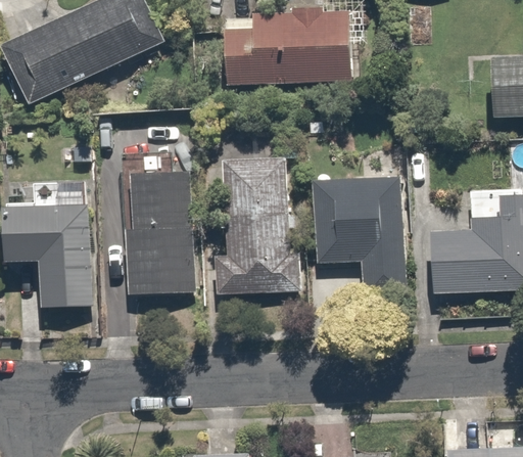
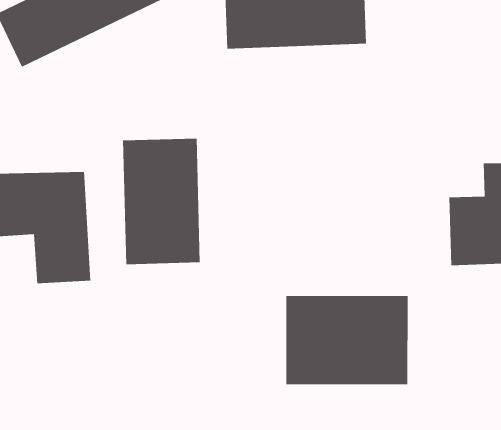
building: [210,162,293,292] -> none
building: [315,181,405,291] -> none
building: none -> [286,295,408,385]

